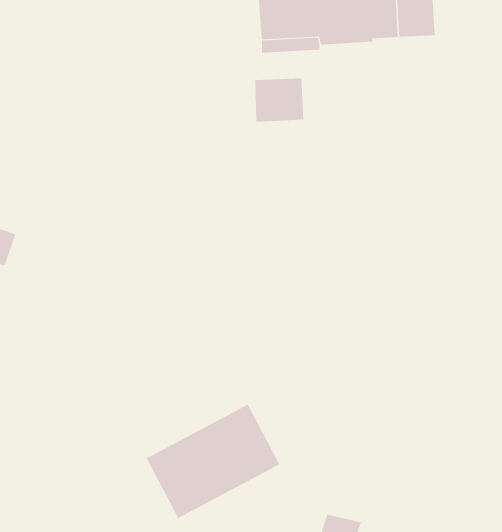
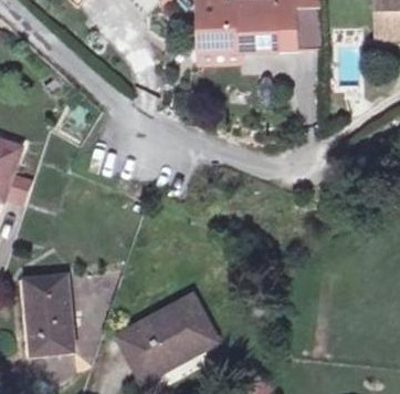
building: [255,77,304,122] -> none
building: none -> [27,276,74,355]

